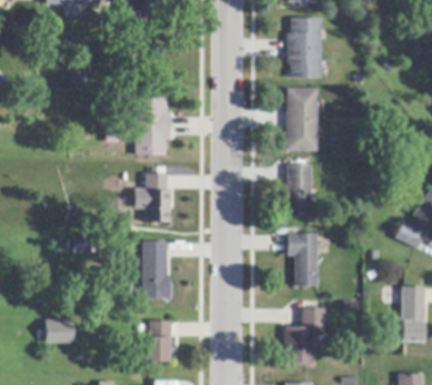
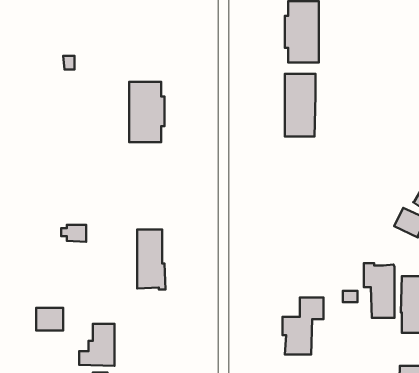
building: [287,165,311,215] -> none
building: [137,173,171,222] -> none
building: [288,232,318,285] -> [364,263,395,318]
building: [137,321,171,362] -> [79,324,115,366]

